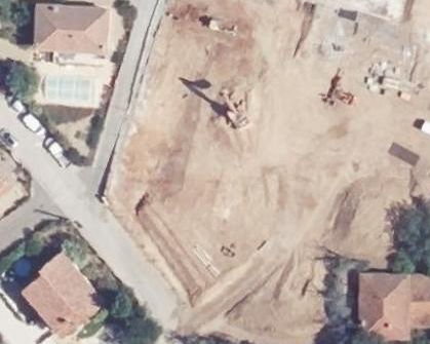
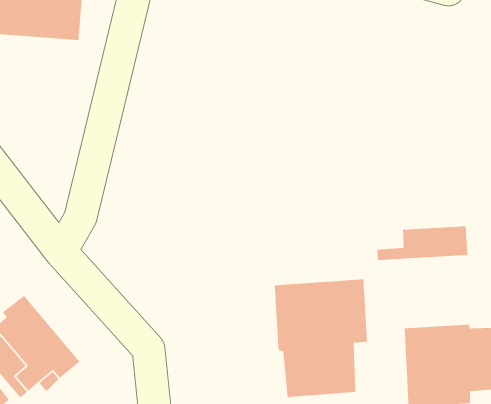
building: none -> [376,225,468,261]
building: none -> [274,279,368,398]

